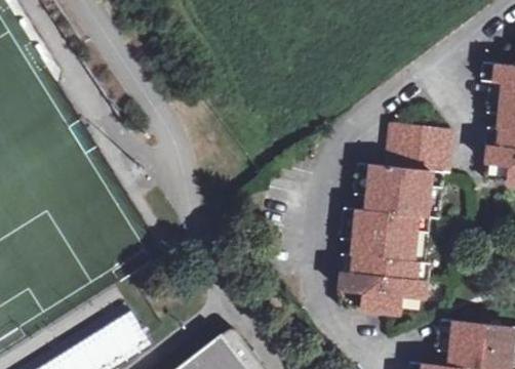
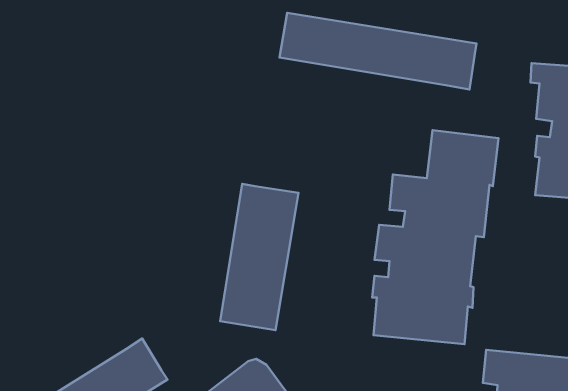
building: none -> [280,13,477,89]
building: none -> [220,184,299,330]

